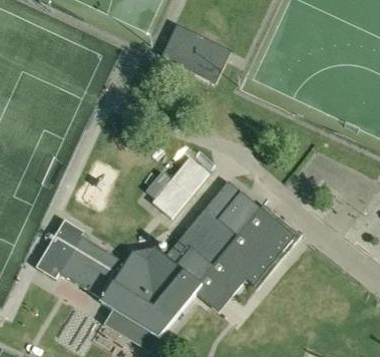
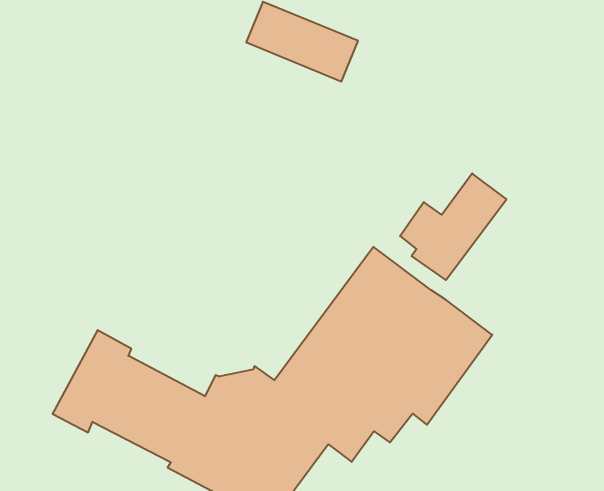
building: [146,156,210,218] -> [400,173,506,280]

